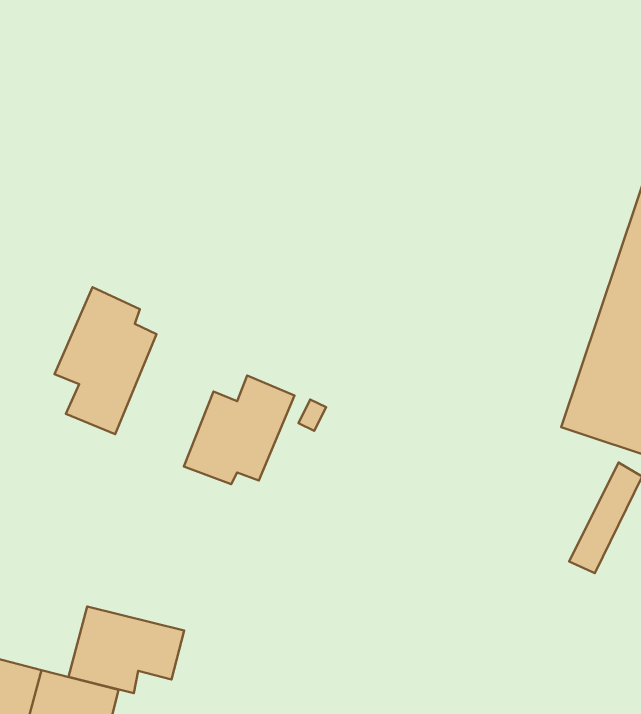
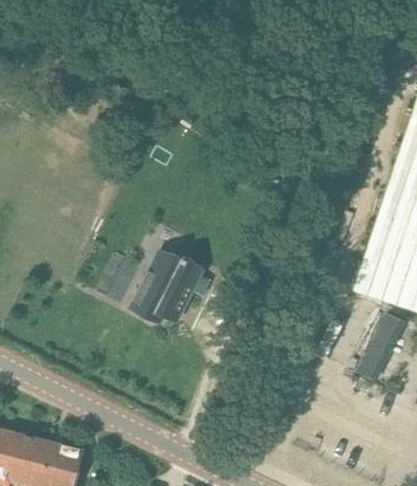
building: [55,287,156,434] -> none
building: [69,607,184,693] -> none

